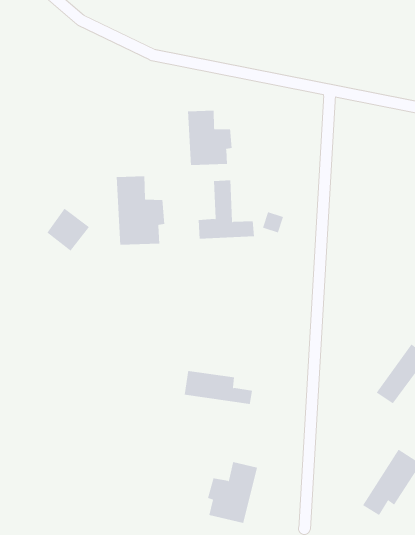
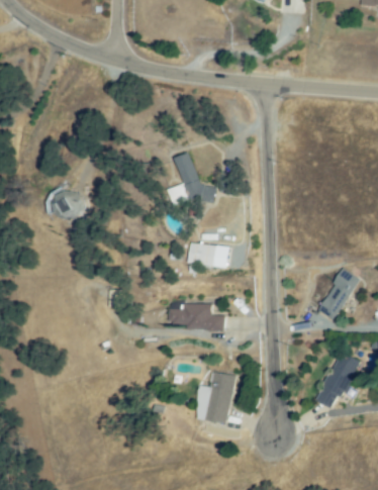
building: [188,110,232,166] -> none
building: [116,175,165,246] -> none
building: none -> [188,240,217,268]

